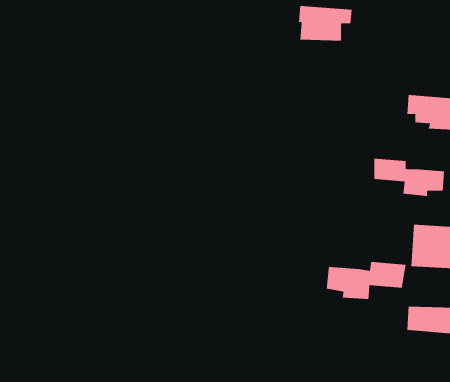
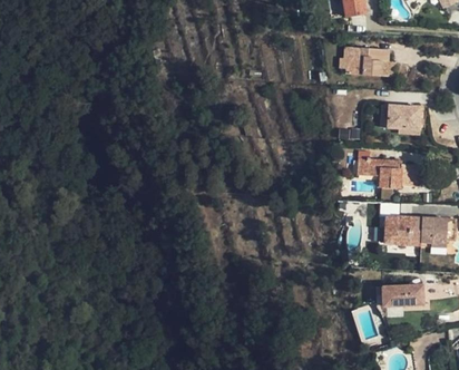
building: [298,5,352,41] -> [343,45,389,75]
building: [326,261,406,300] -> none

